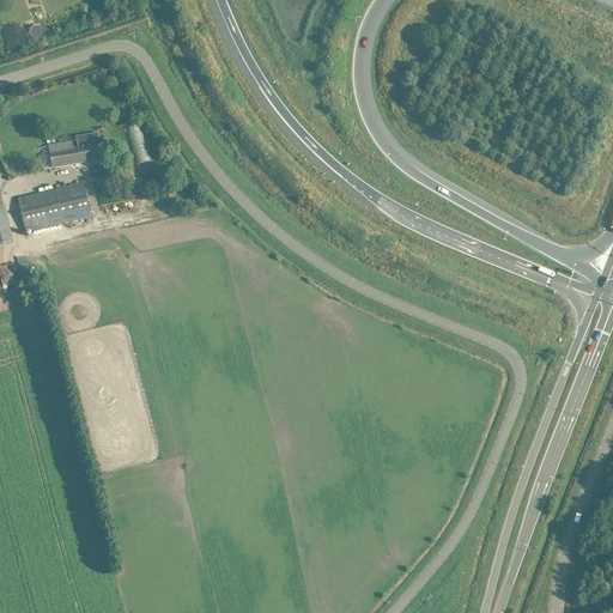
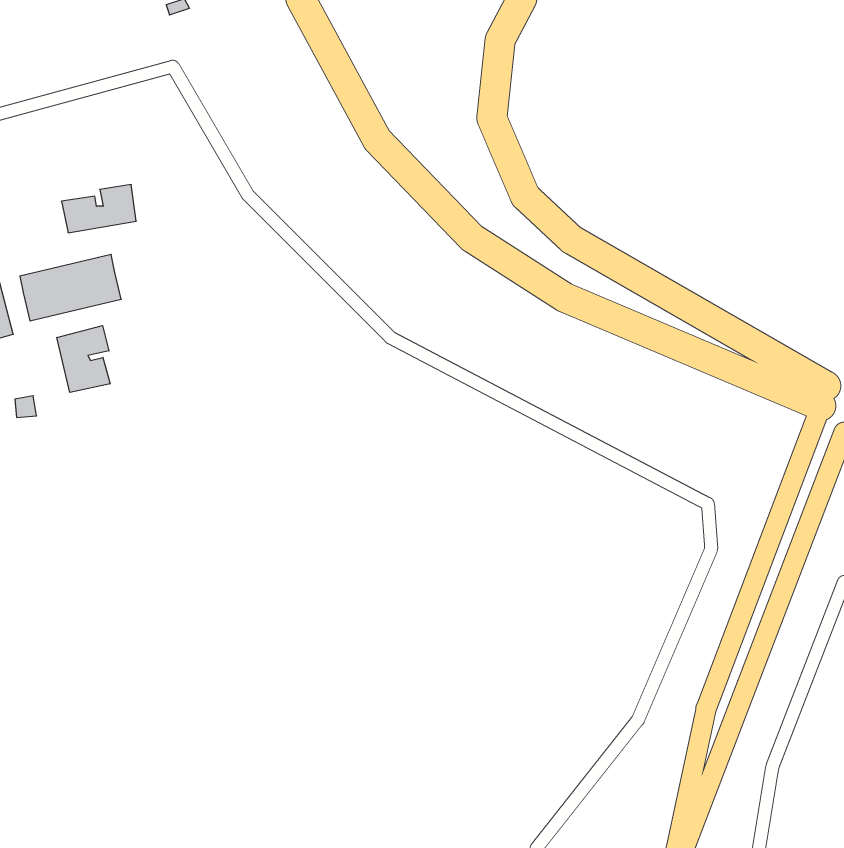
building: none -> [57,326,110,392]

